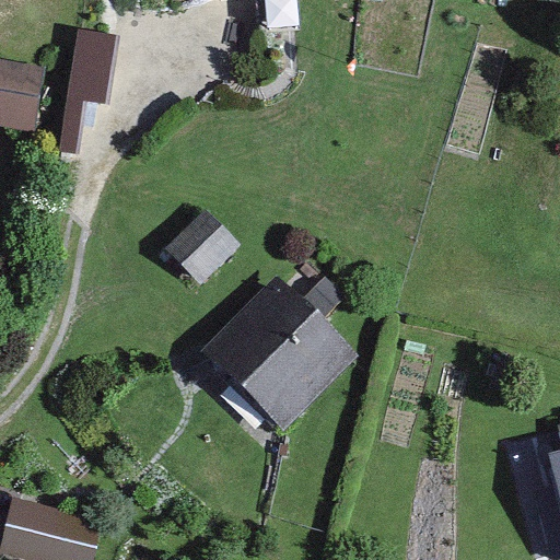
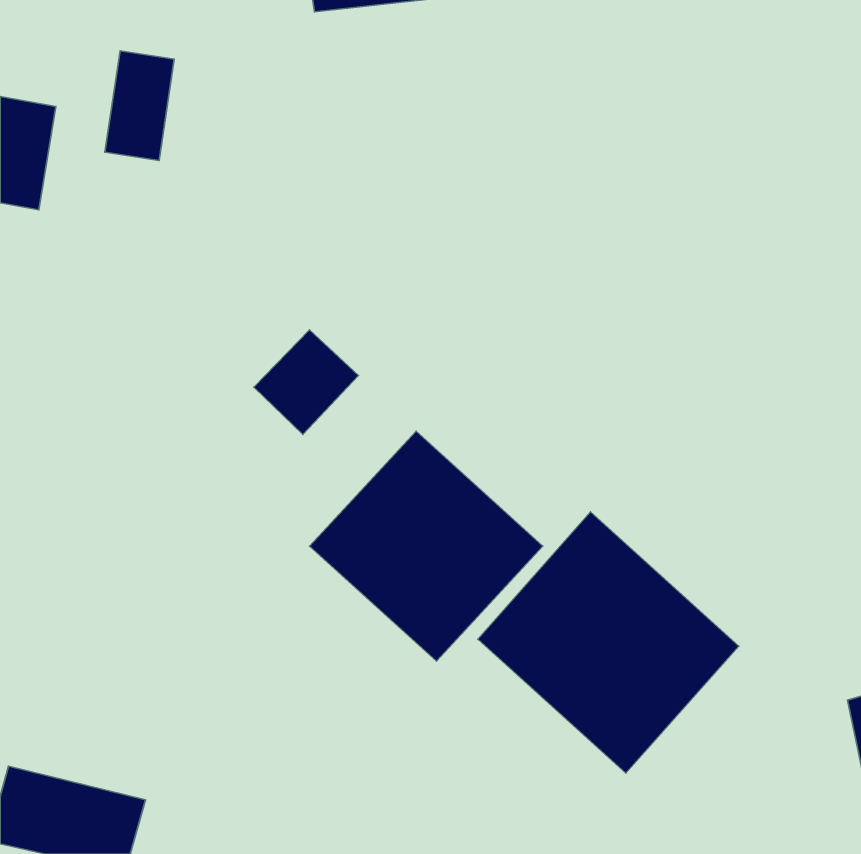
building: none -> [478,512,739,773]

